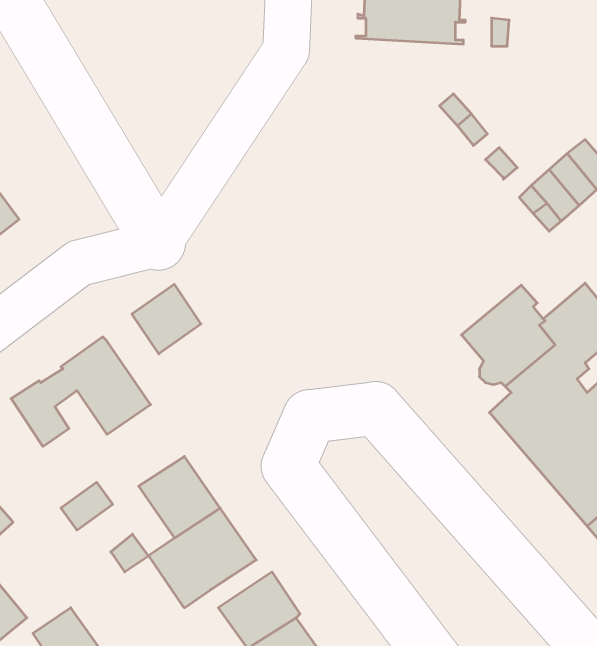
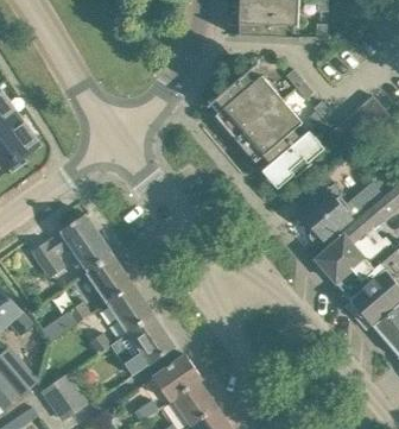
building: none -> [207,67,324,189]
building: [132,284,201,354] -> none
building: none -> [86,254,133,303]

